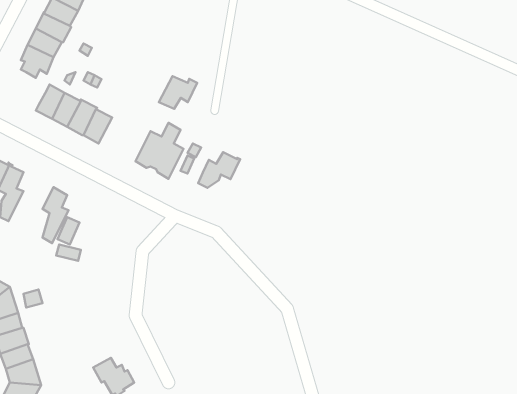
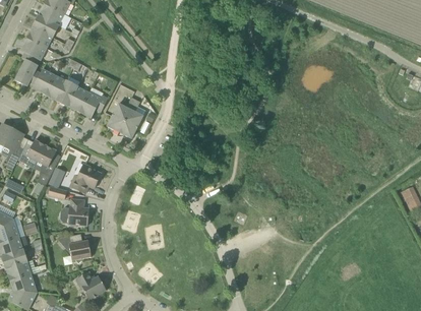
building: none -> [15,59,41,85]
building: [159,76,197,109] -> [79,92,108,117]
building: [198,152,240,188] -> none
building: none -> [17,139,46,165]
building: none -> [70,164,101,193]
building: none -> [60,199,88,226]
building: none -> [57,236,91,263]

